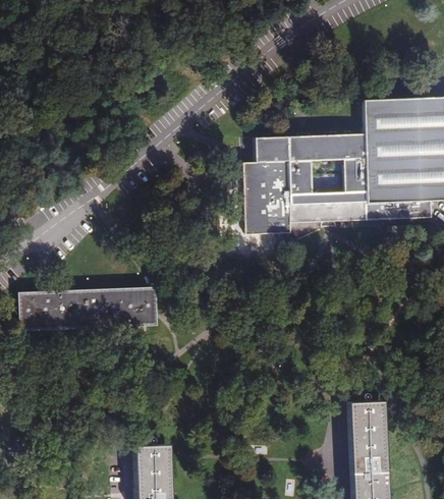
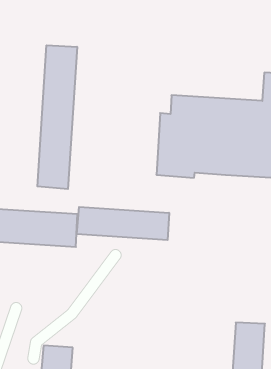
building: none -> [37,45,77,189]
building: none -> [77,207,169,240]

